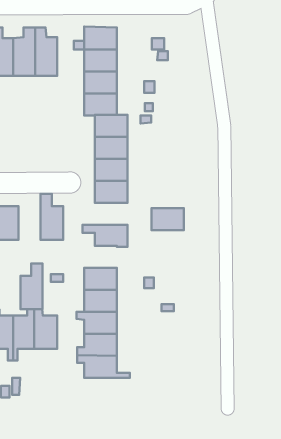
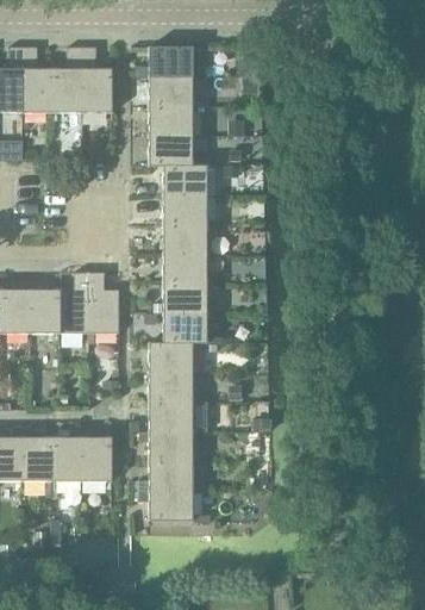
building: [151,208,184,230] -> [163,285,207,315]
building: none -> [149,343,193,373]
building: [20,264,42,309] -> [60,273,89,335]

